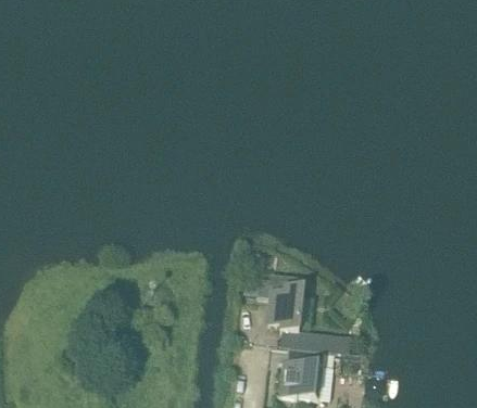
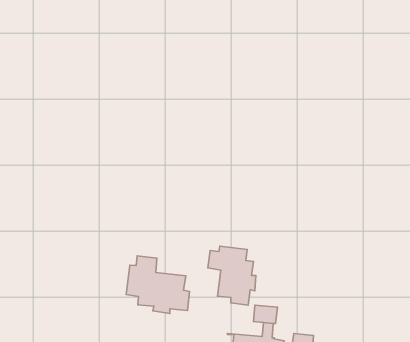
building: none -> [126,256,190,314]

